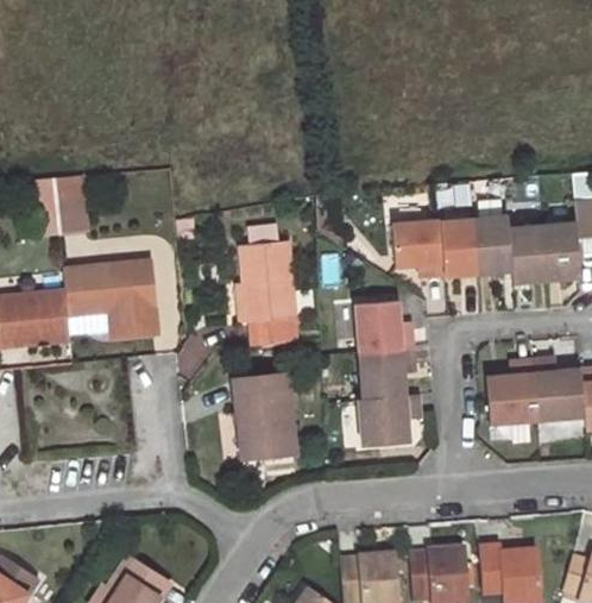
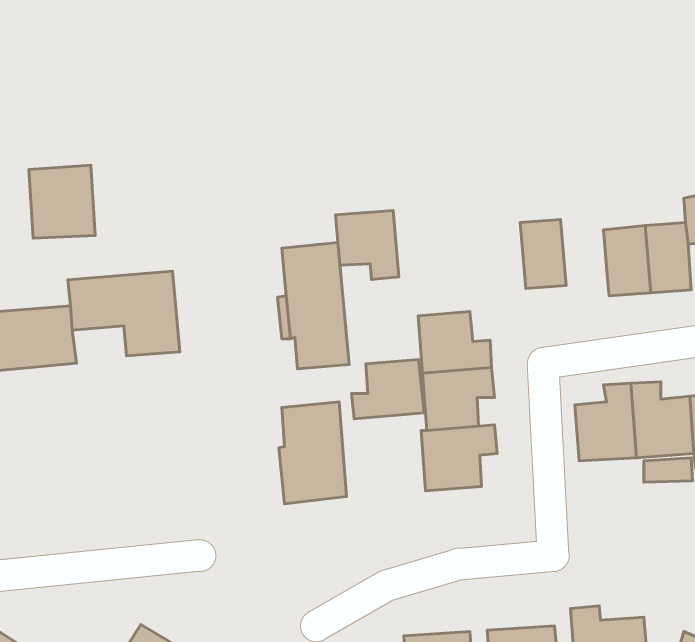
building: [472,216,511,275] -> none
building: [391,222,443,279] -> [336,211,399,280]
building: none -> [351,359,424,419]

